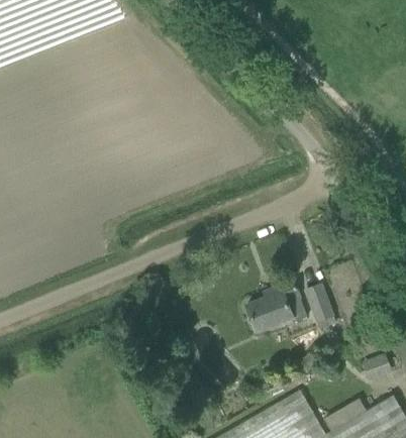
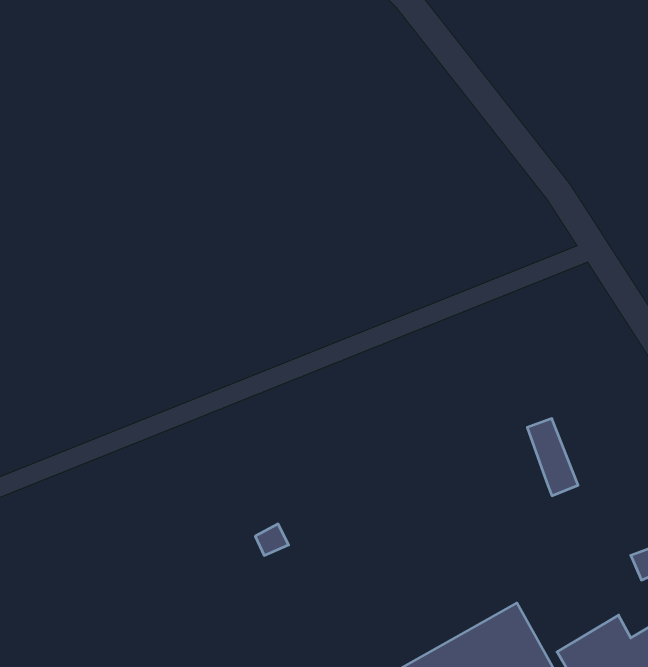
building: [246,283,307,332] -> none

